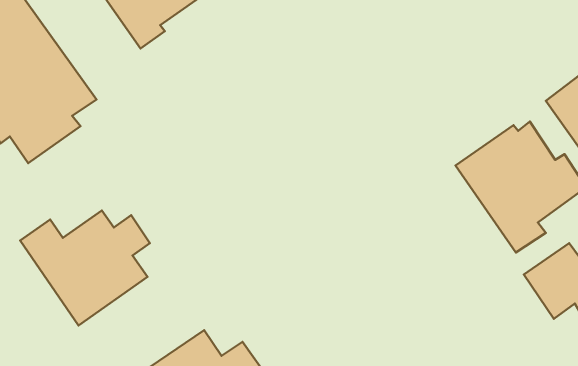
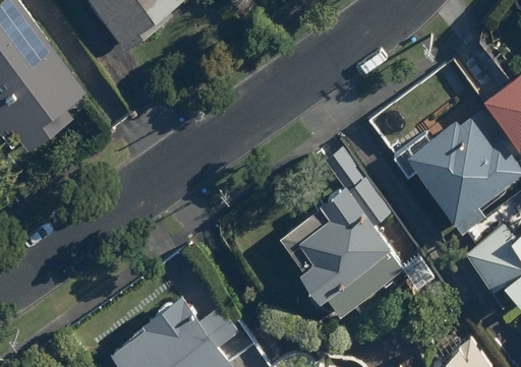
building: none -> [276,189,404,320]
building: [20,210,150,325] -> none

